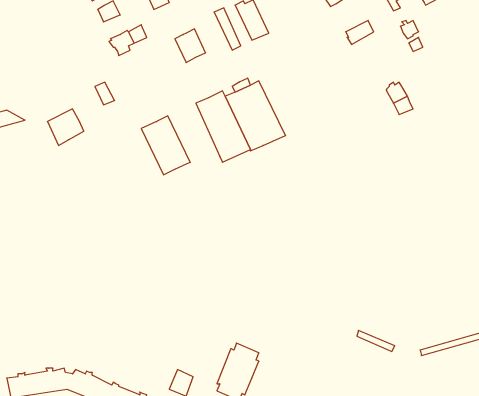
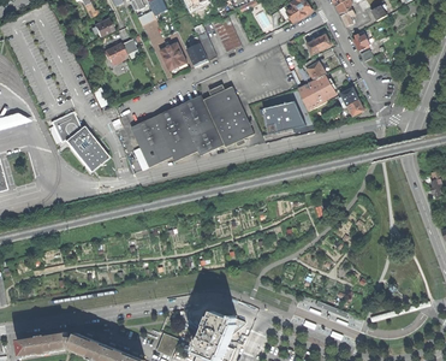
building: none -> [298,58,339,112]
building: none -> [262,100,305,134]
building: none -> [154,106,198,161]
building: none -> [69,130,108,171]

